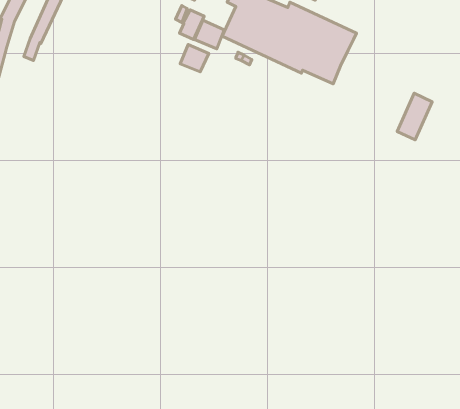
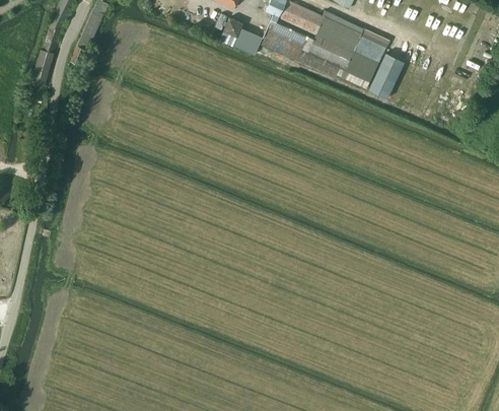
building: [180,45,209,72] -> none
building: [397,93,432,140] -> [369,54,403,98]

